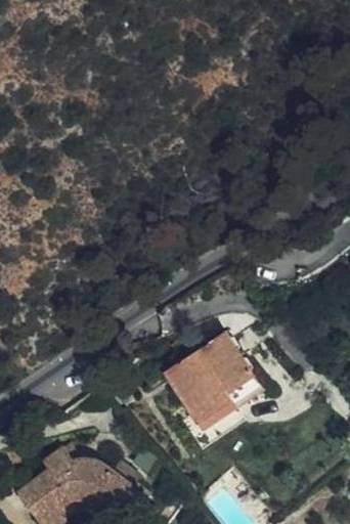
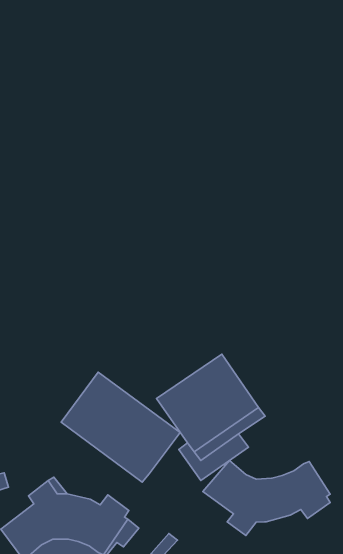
building: none -> [61,372,180,482]
building: none -> [203,461,330,535]

